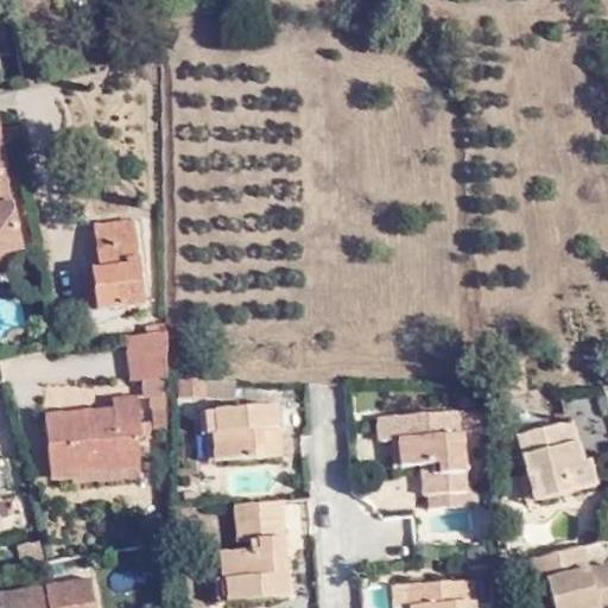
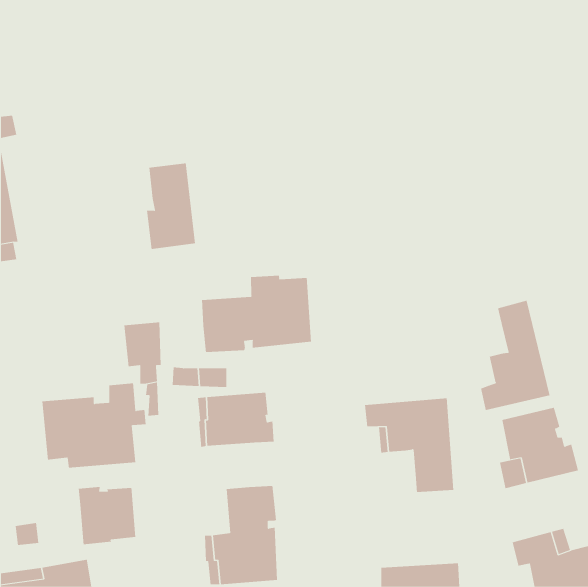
building: [93,220,144,309] -> [146,163,196,249]
building: none -> [202,275,312,353]
building: none -> [480,300,550,411]
building: none -> [78,486,136,545]

